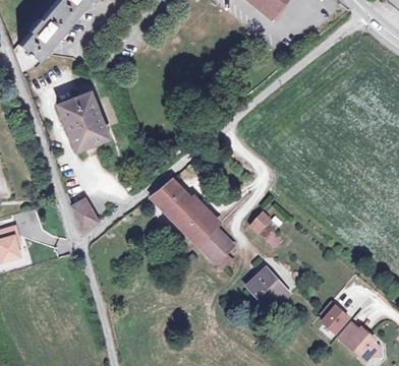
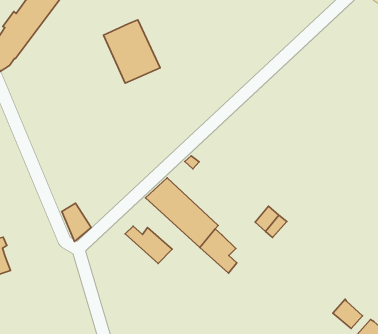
building: [57,92,108,149] -> [104,20,160,83]
building: none -> [125,226,172,264]
building: [248,269,288,310] -> none

